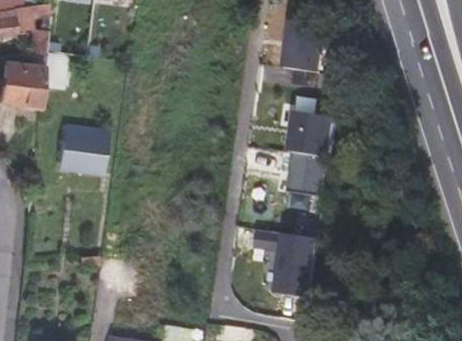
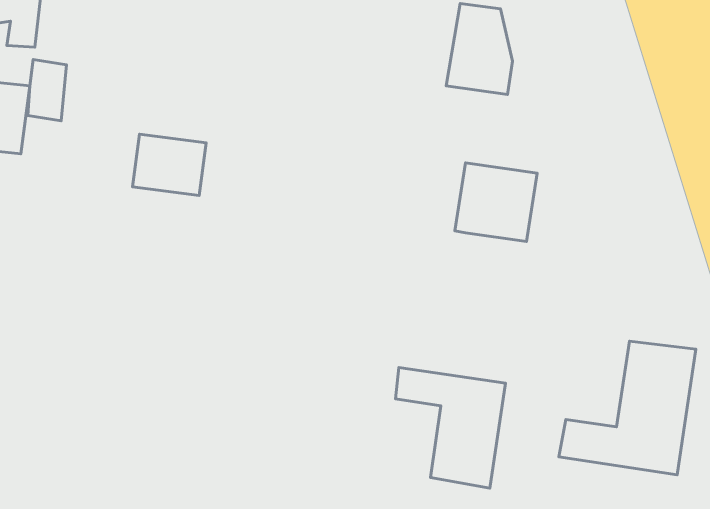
building: [62,128,104,163] -> [133,134,206,195]
building: [286,151,327,197] -> none
building: none -> [559,341,696,475]

